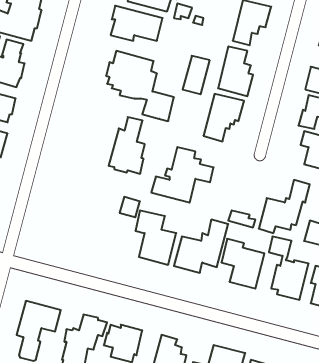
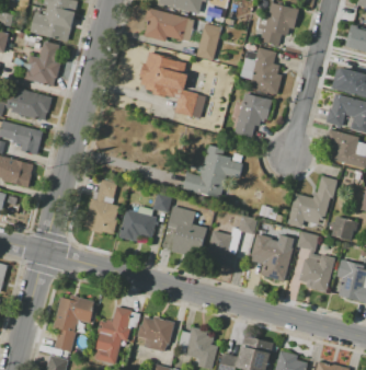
building: [183,56,210,94] -> [196,23,222,60]
building: [109,117,145,174] -> [83,180,118,234]
building: none -> [119,209,158,241]

